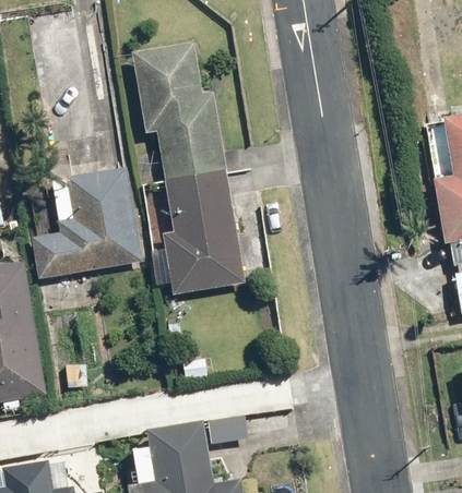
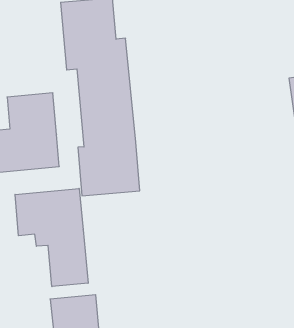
building: none -> [15,188,88,287]

